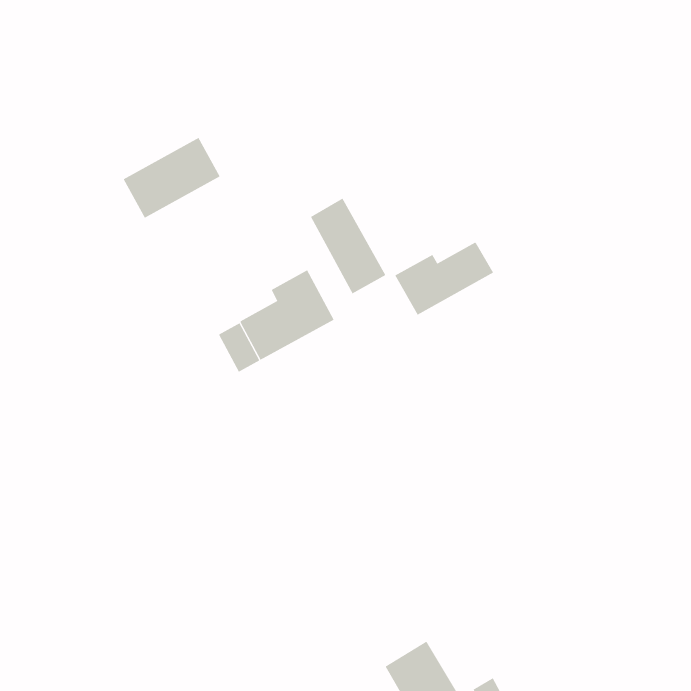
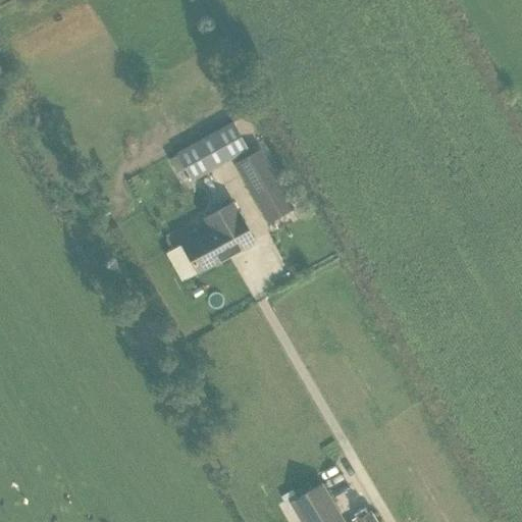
building: [123,137,221,218] -> [180,115,254,176]
building: [395,242,494,315] -> none

